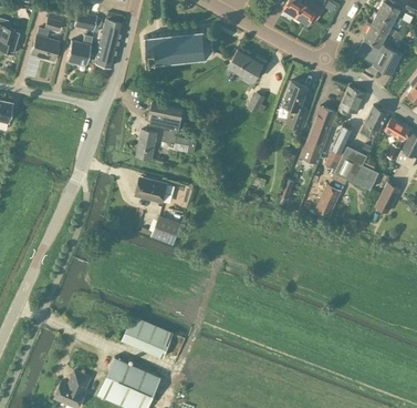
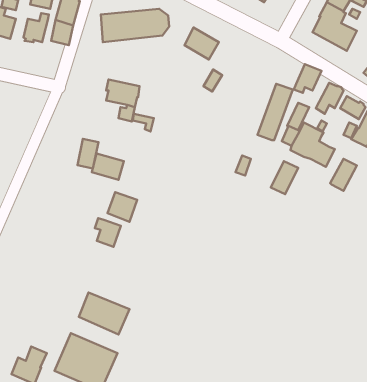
building: [282,81,309,130] -> none
building: [136,130,157,160] -> [77,139,98,169]
building: none -> [95,218,121,247]

